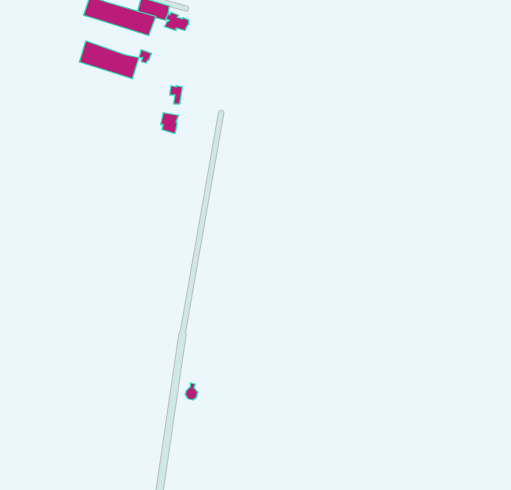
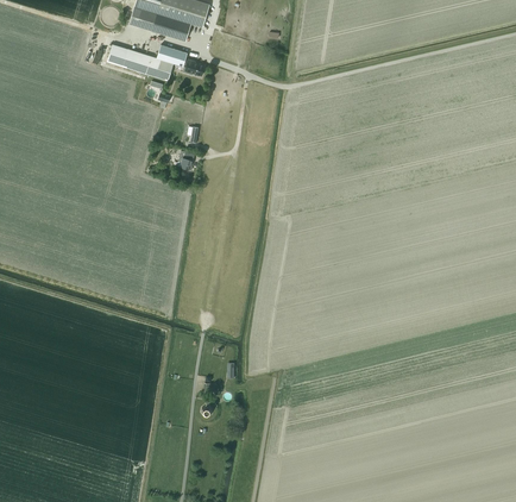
building: [80,41,139,79] -> none

